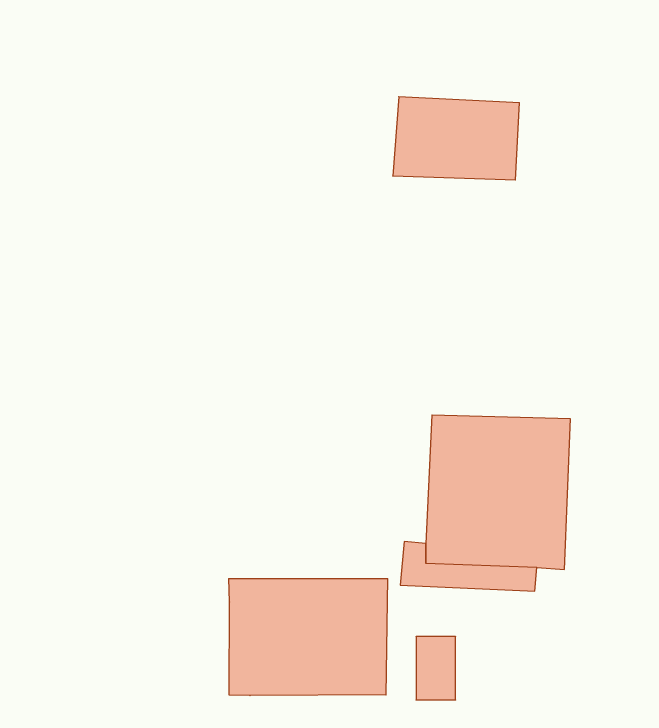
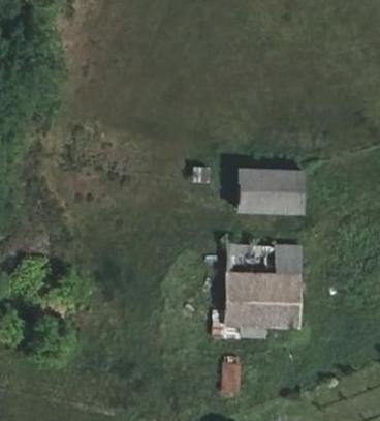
building: [393,97,519,180] -> [236,167,303,210]
building: [229,579,388,696] -> none

